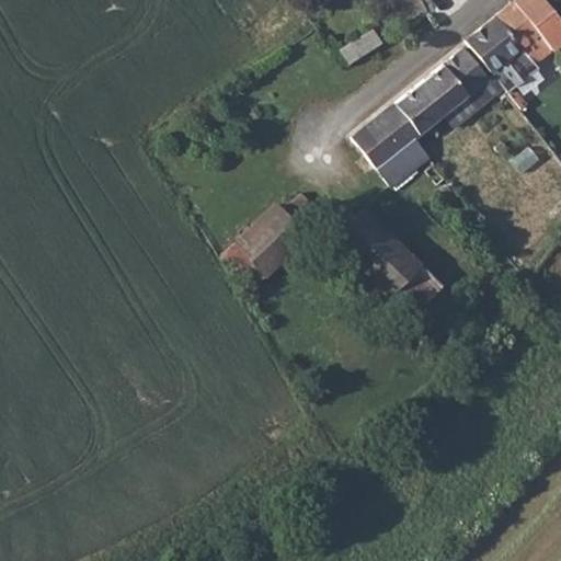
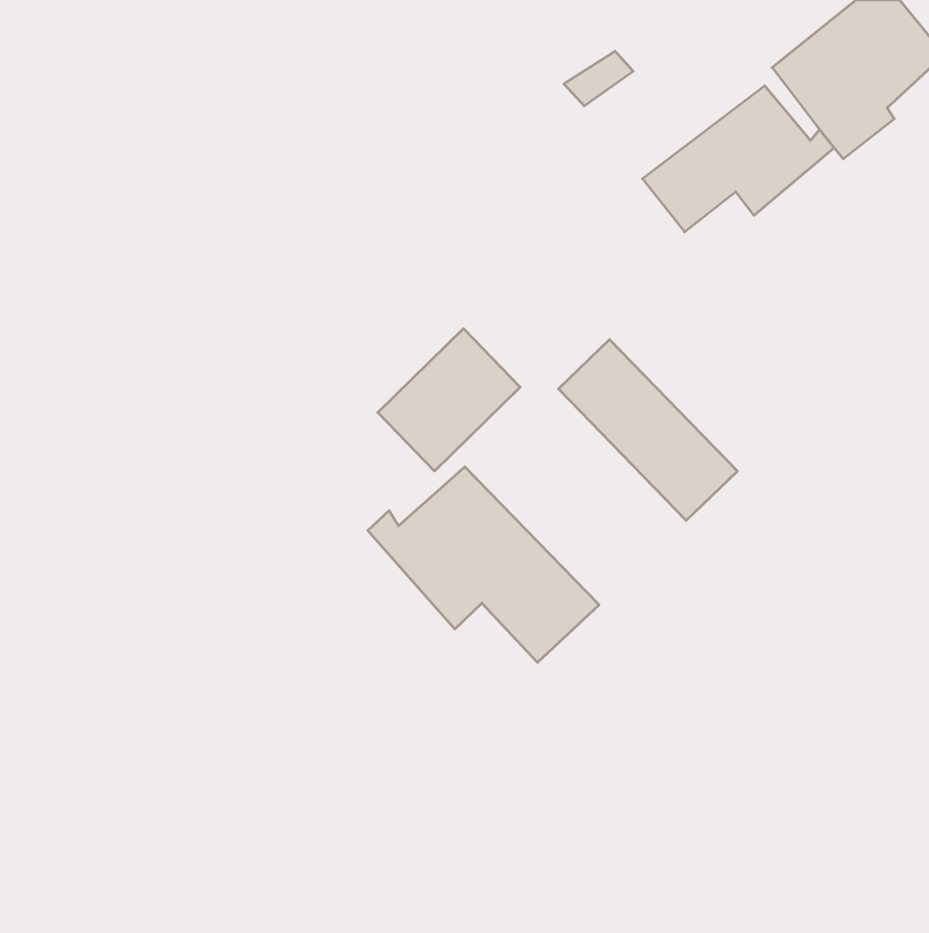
building: [351,107,428,188] -> none
building: none -> [368,467,599,662]

